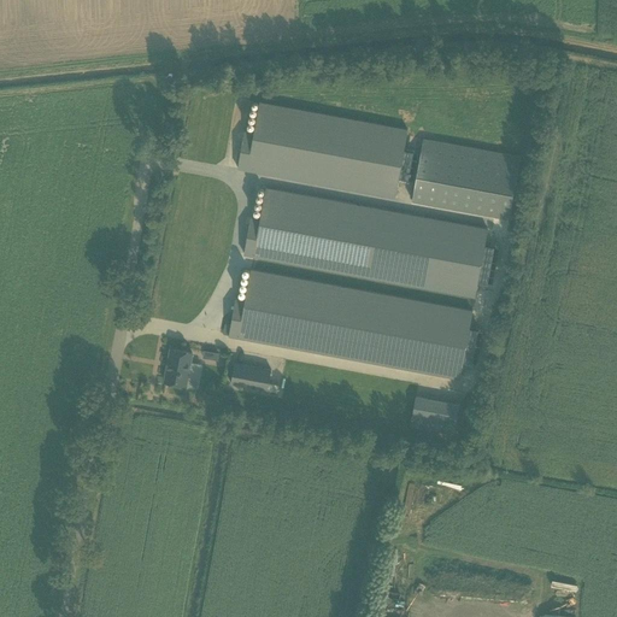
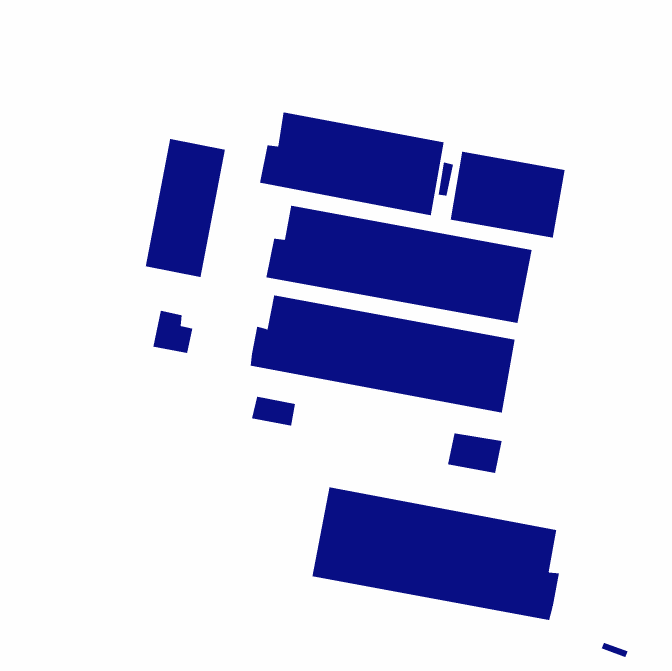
building: none -> [145,138,225,278]
building: [164,349,201,389] -> [152,310,193,353]
building: none -> [312,487,559,621]

